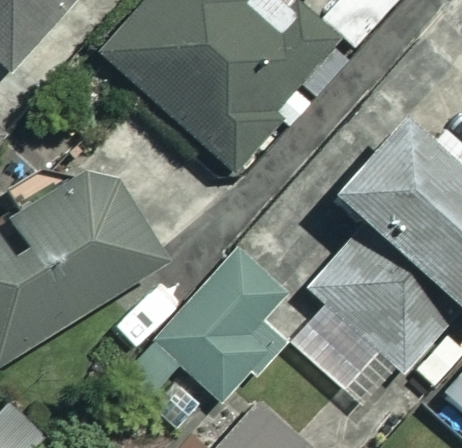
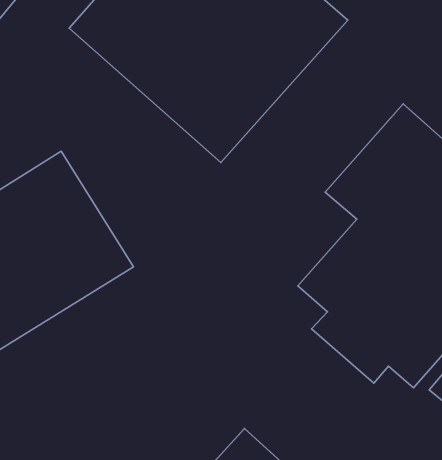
building: [134,251,283,402] -> none

